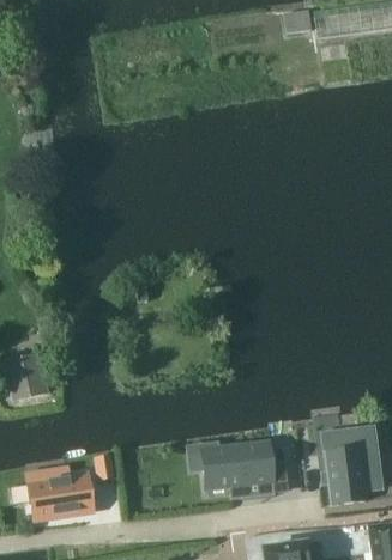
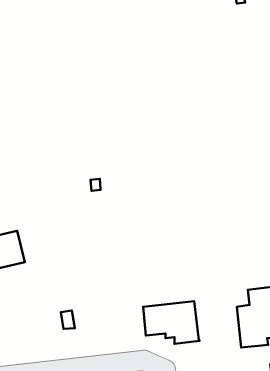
building: [30,475,92,519] -> none

